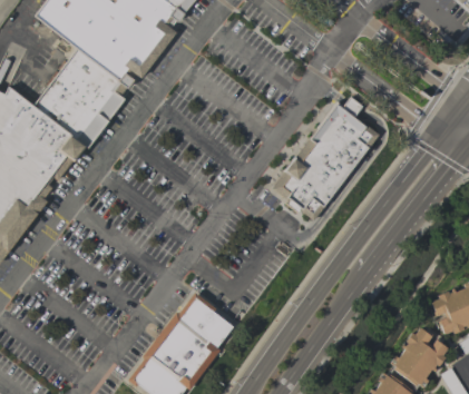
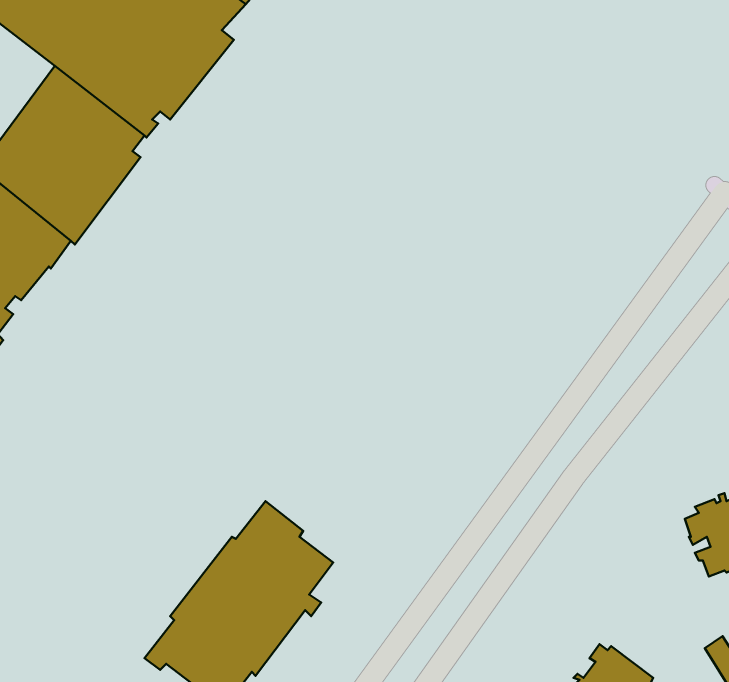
building: [271,96,379,220] -> none
building: [388,327,447,387] -> none

